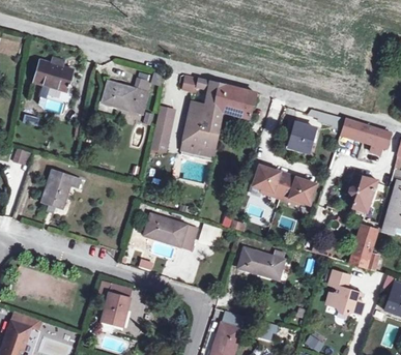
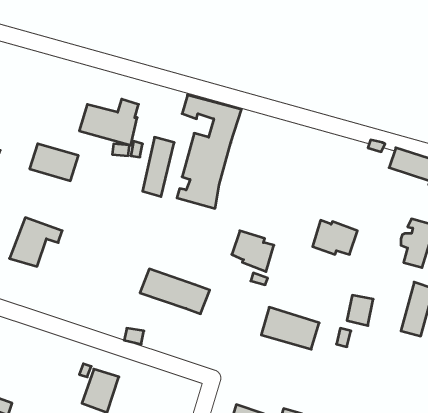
building: [40,67,79,96] -> [30,144,78,181]
building: [217,88,249,120] -> none
building: [289,120,317,151] -> none
building: [254,164,287,196] -> [232,231,274,272]
building: [325,269,363,313] -> none

